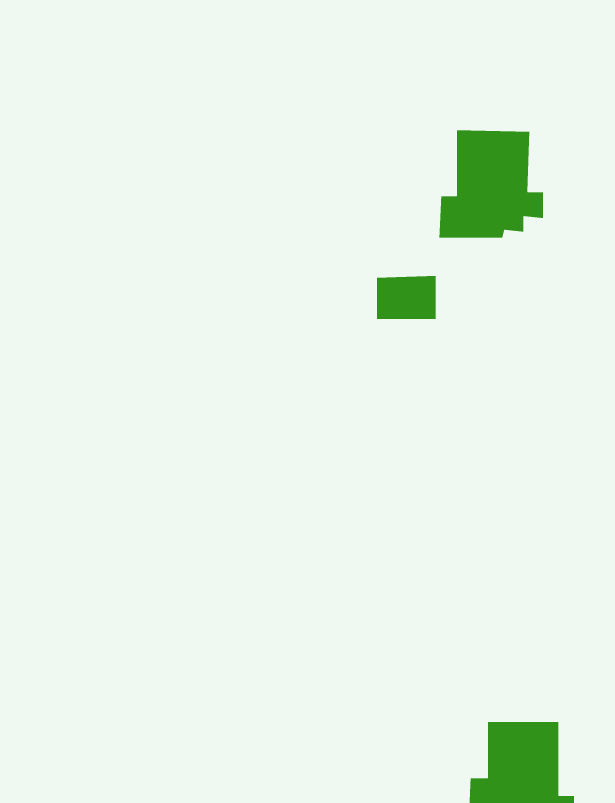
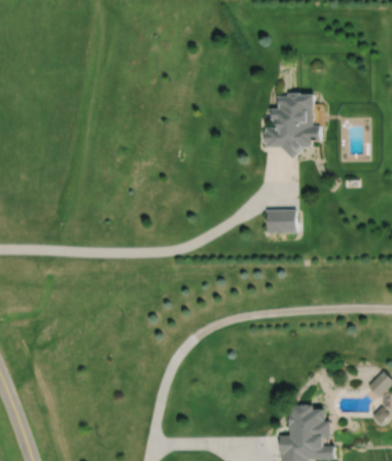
building: [376,275,437,320] -> [265,209,297,233]

